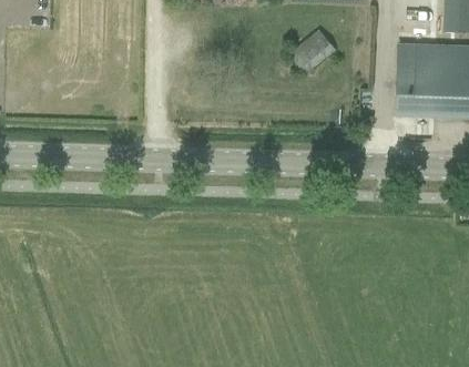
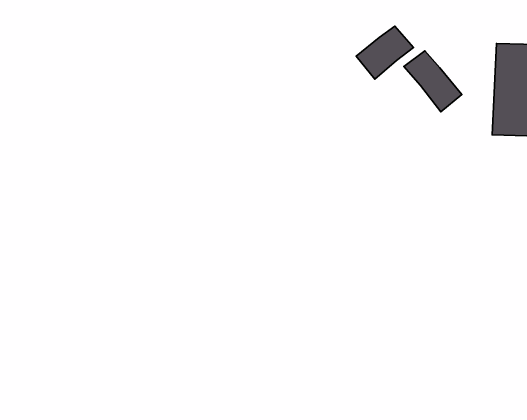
building: none -> [404,51,462,112]

